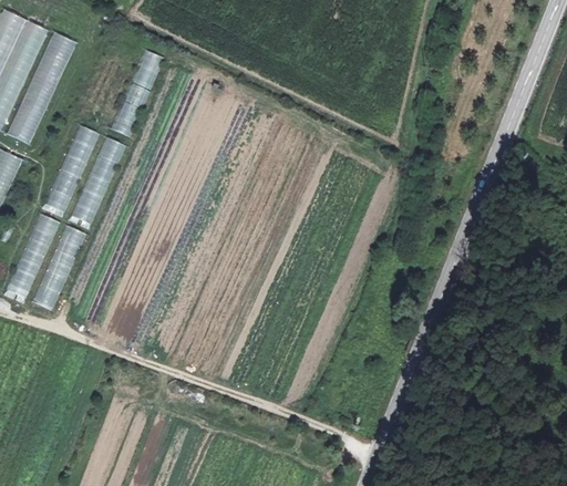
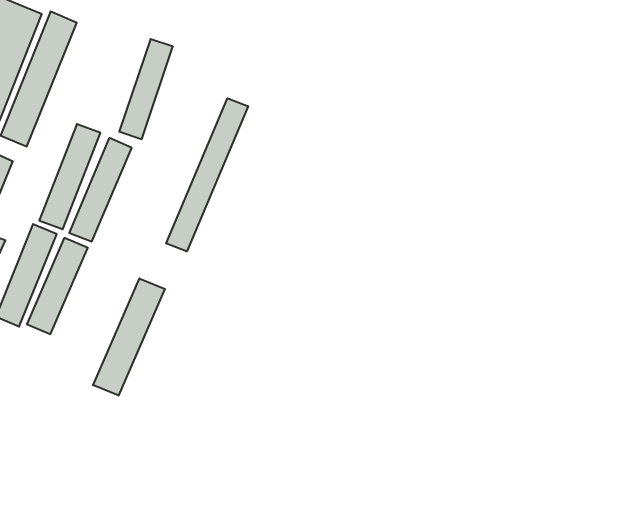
building: none -> [166,98,248,251]
building: none -> [93,278,165,396]

